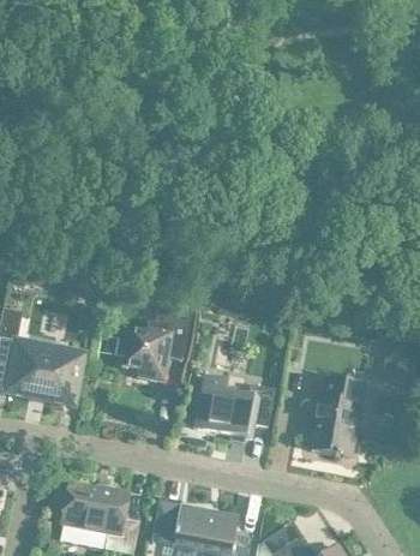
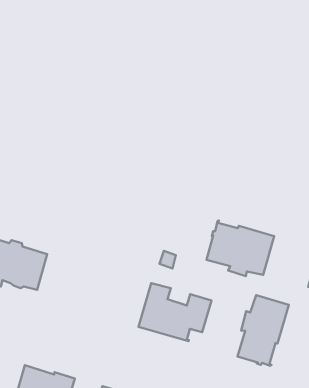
building: none -> [207,221,274,276]
building: [122,304,192,378] -> none

